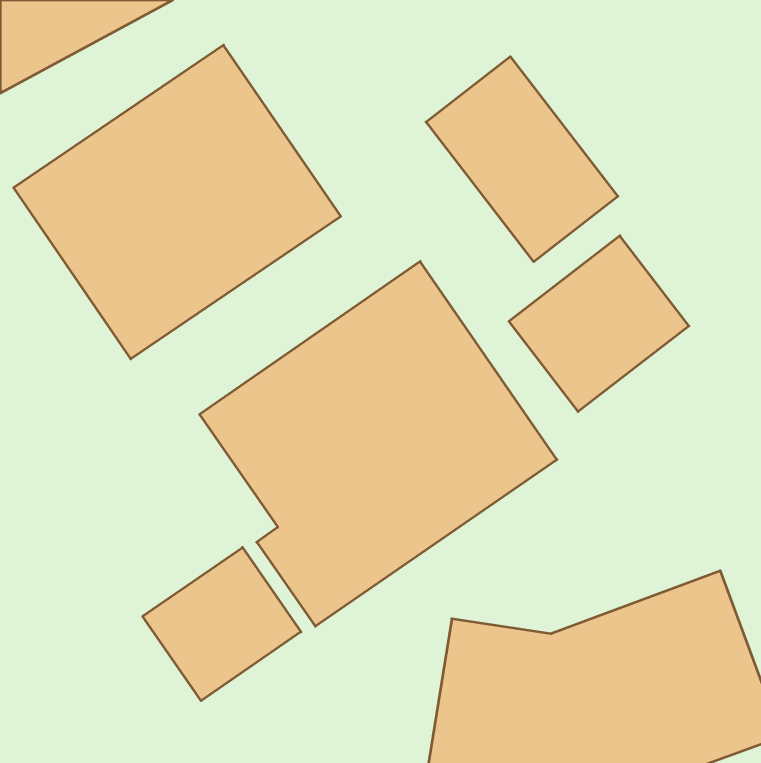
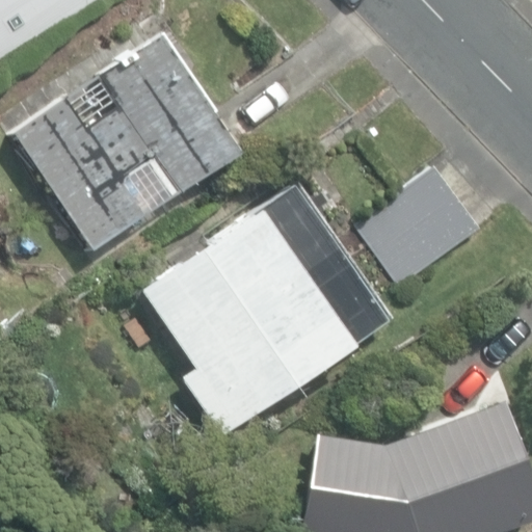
building: [426,57,618,262] -> none
building: [143,547,301,701] -> none

